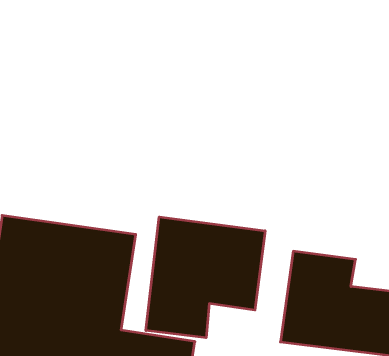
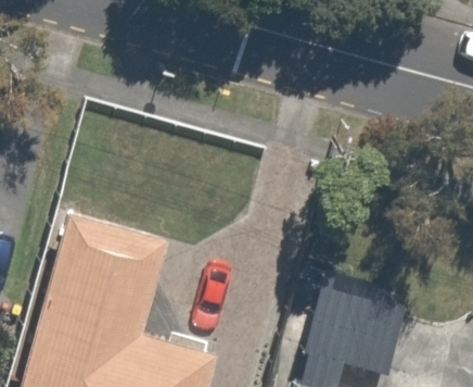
building: [146,217,265,338] -> none

